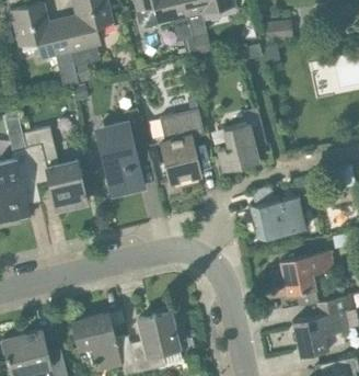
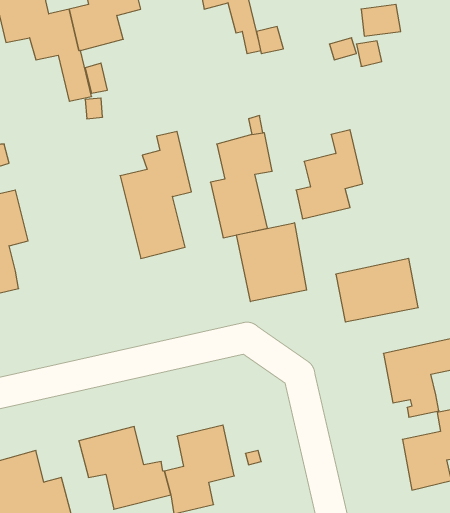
building: [23,127,88,210] -> none
building: none -> [236,223,307,302]

